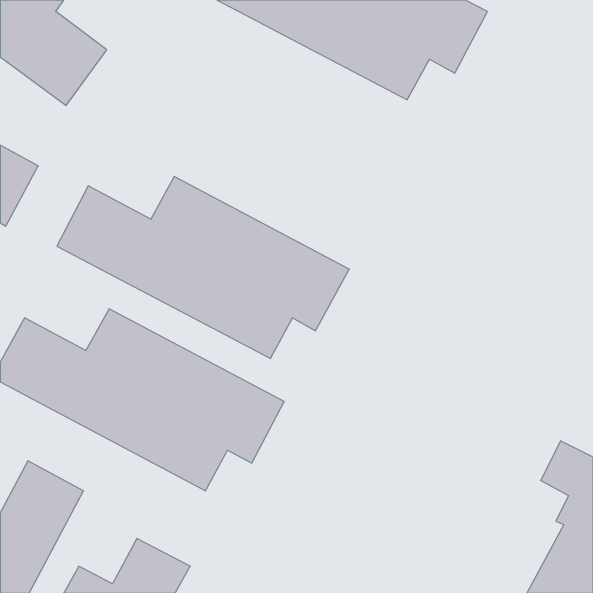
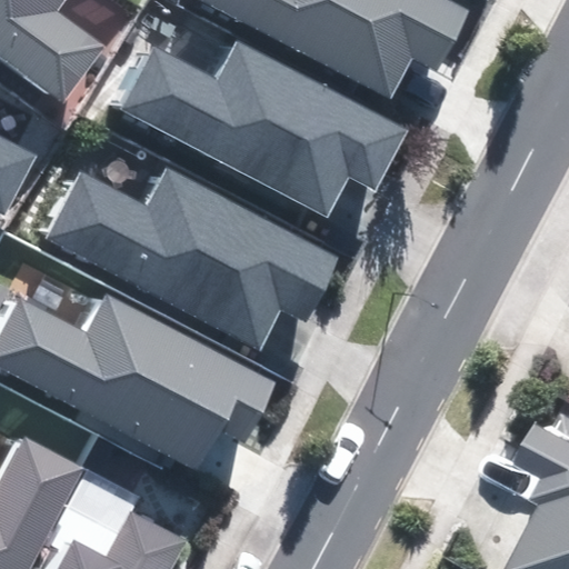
building: none -> [127,41,402,212]

